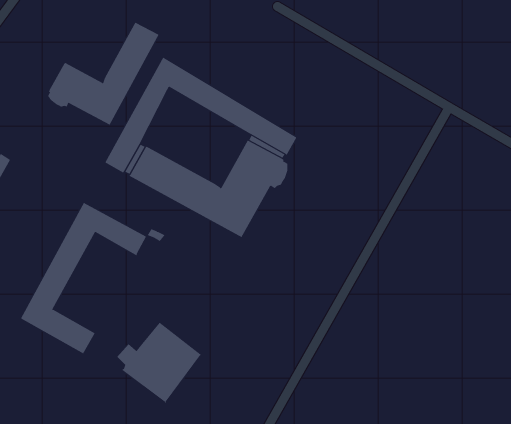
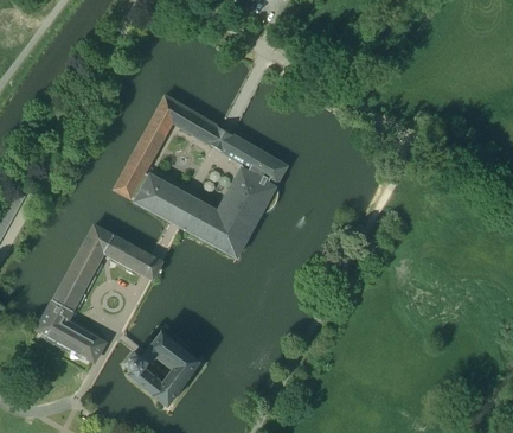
building: [48,21,160,125] -> none

